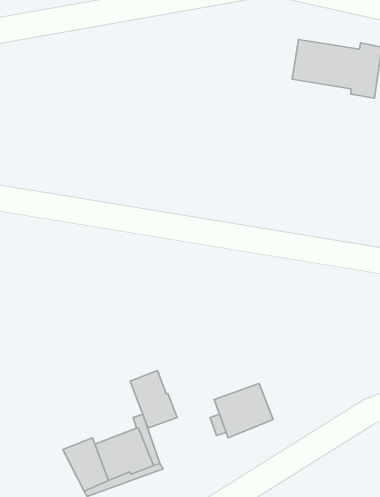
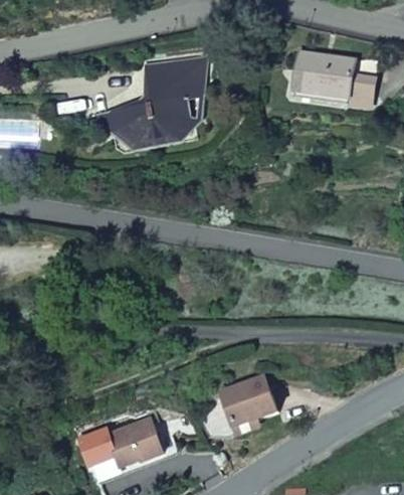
building: none -> [111,59,204,148]
building: [130,371,177,428] -> none

